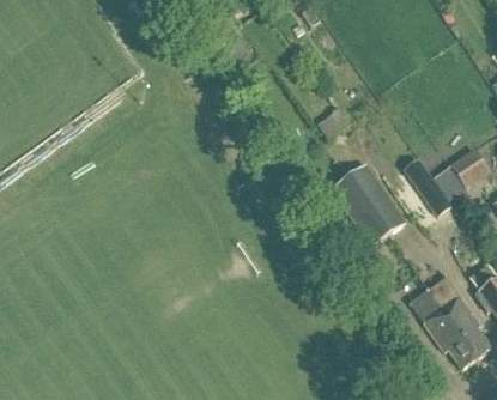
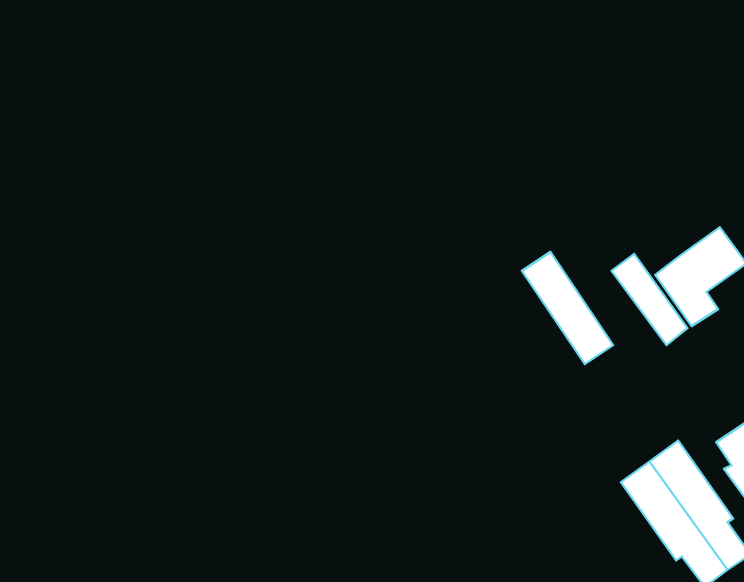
building: [331,172,388,243] -> none

